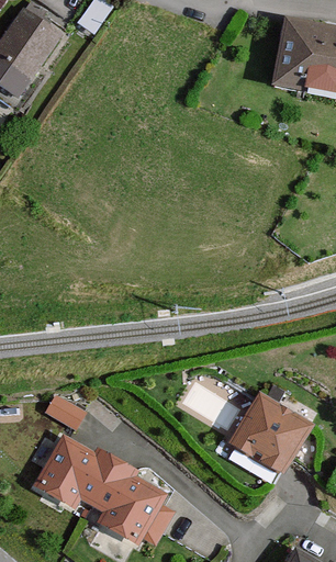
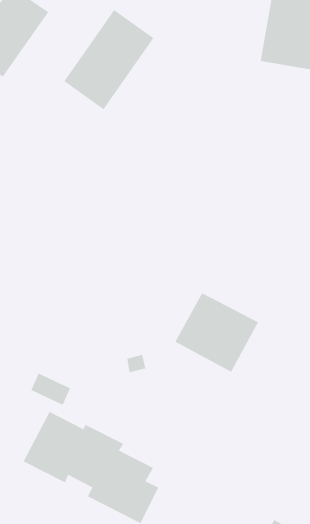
building: none -> [64,9,154,110]
building: [229,394,314,474] -> [175,293,259,372]

